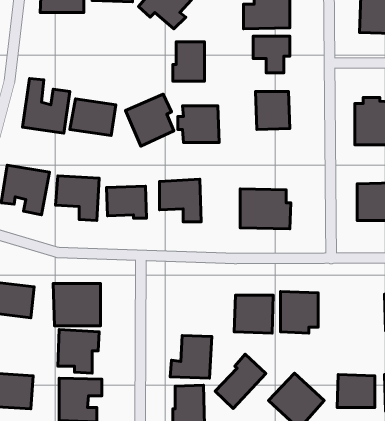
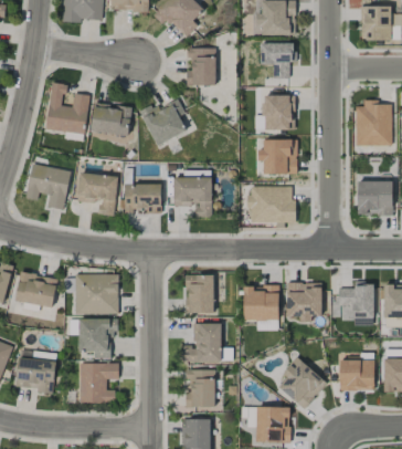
building: [178,106,219,143] -> [258,139,297,174]
building: none -> [186,274,214,313]
building: none -> [330,283,373,325]
building: [215,354,266,409] -> none

